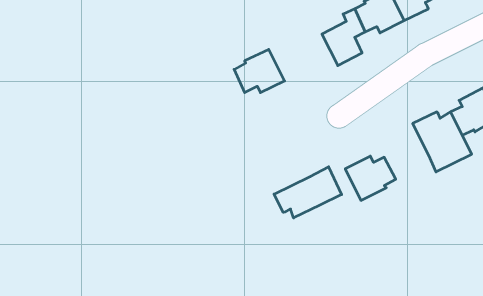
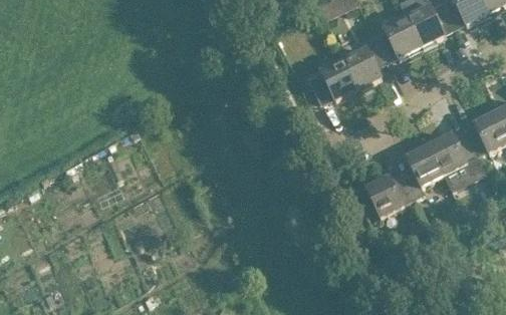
building: [234,49,285,93] -> [311,58,359,99]
building: none -> [404,143,446,197]
building: [274,167,342,218] -> none

